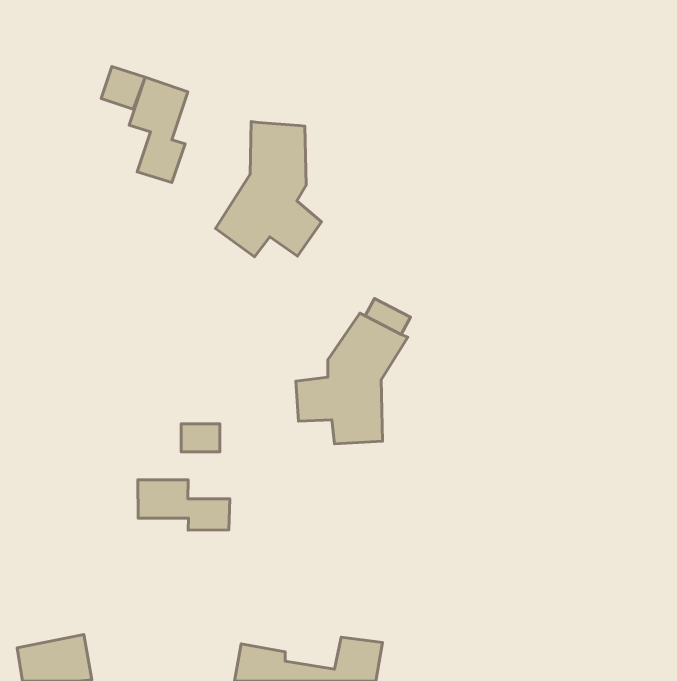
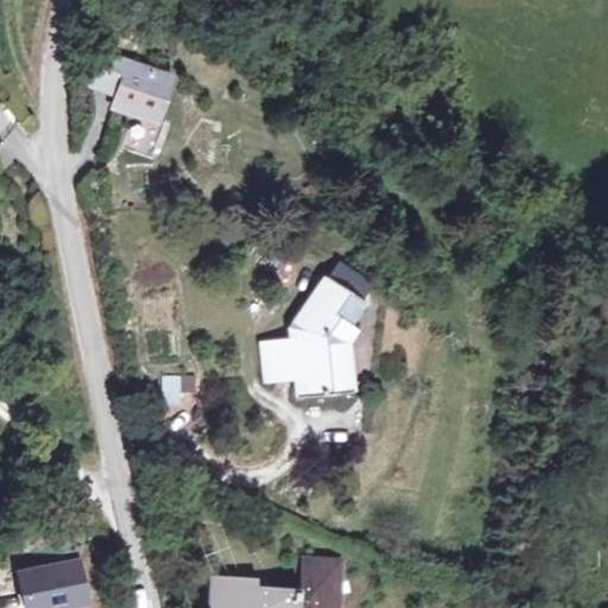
building: [215,121,322,257] -> none
building: [138,480,230,530] -> none

